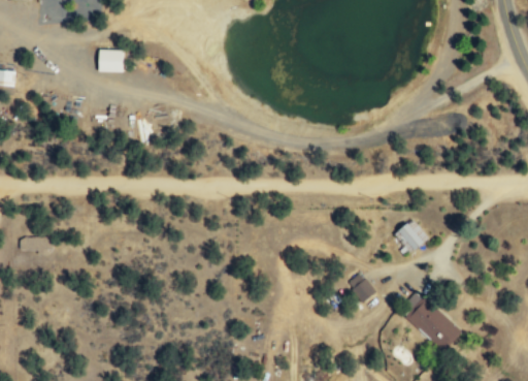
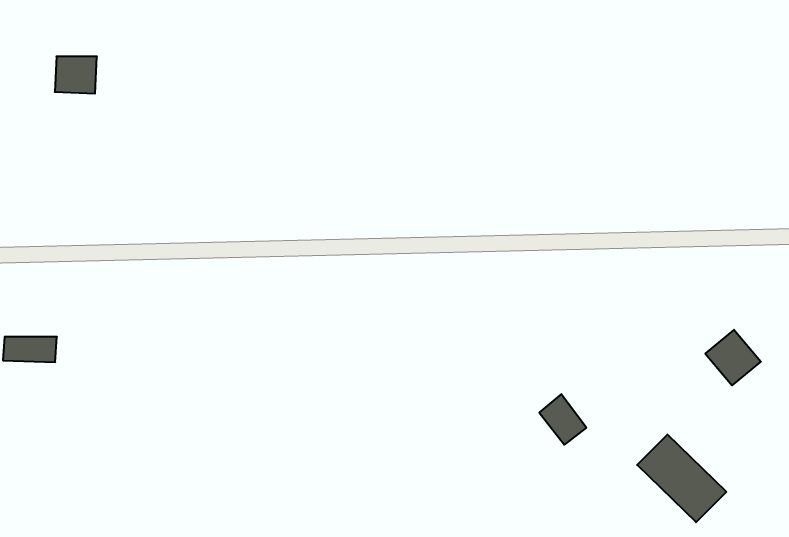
building: [99,50,125,72] -> [55,56,97,94]
building: [395,219,429,253] -> [705,330,761,385]

